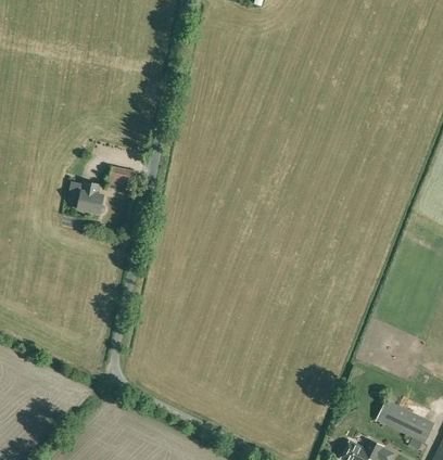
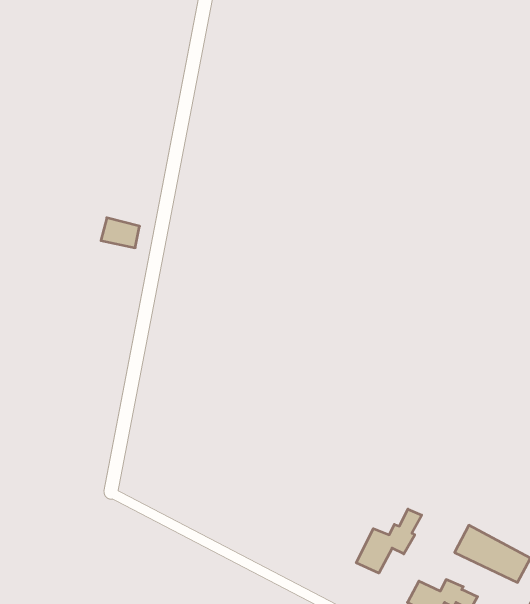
building: [69,181,104,214] -> none
building: none -> [356,509,422,573]

